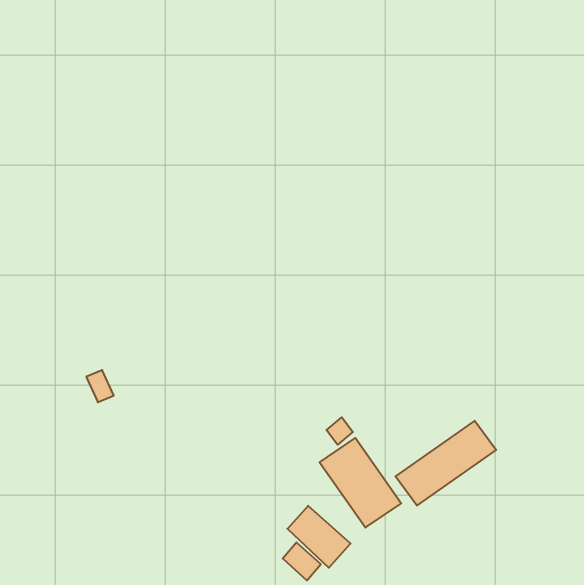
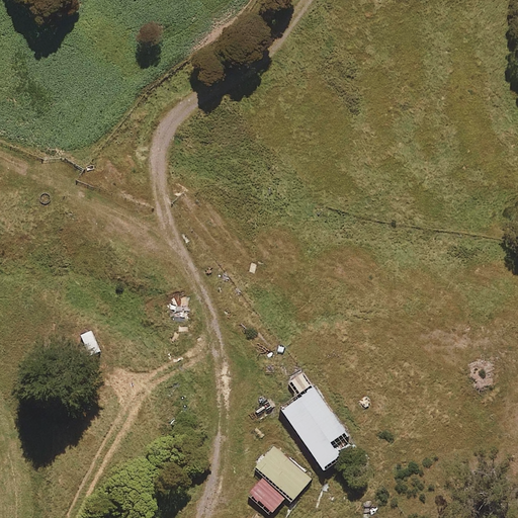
building: [395,421,496,506] -> none

